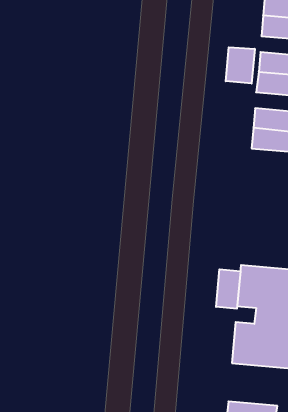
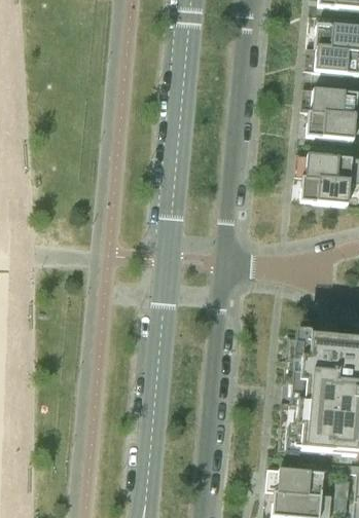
building: [226,47,255,84] -> none
building: [216,269,240,309] -> none
building: none -> [276,468,332,496]

